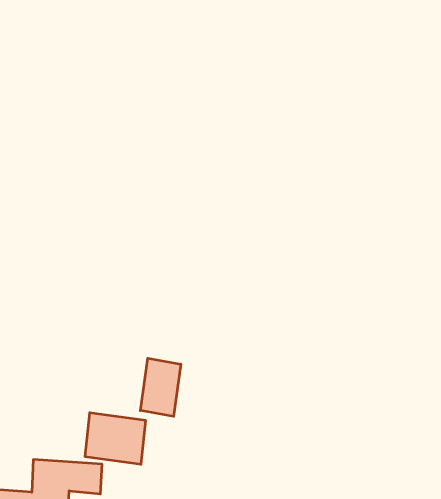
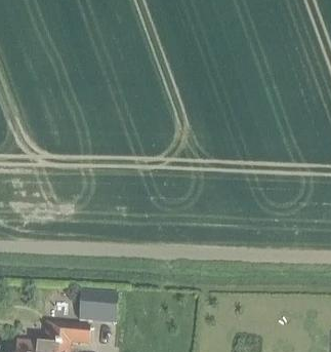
building: [140,358,181,416] -> none

